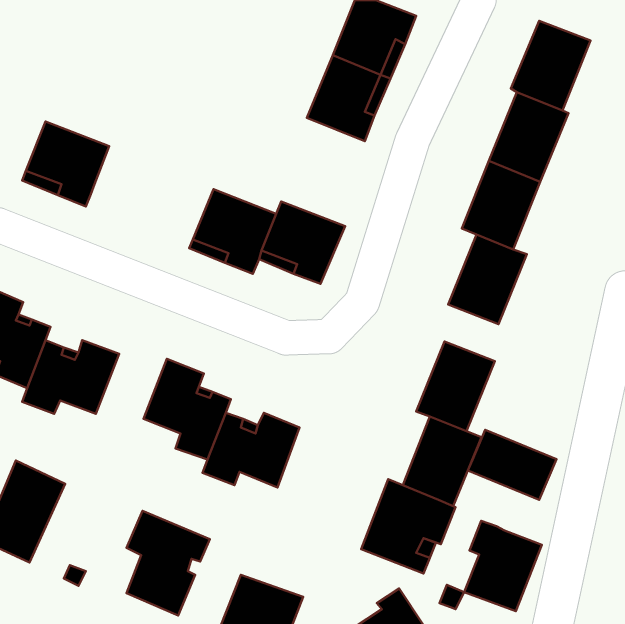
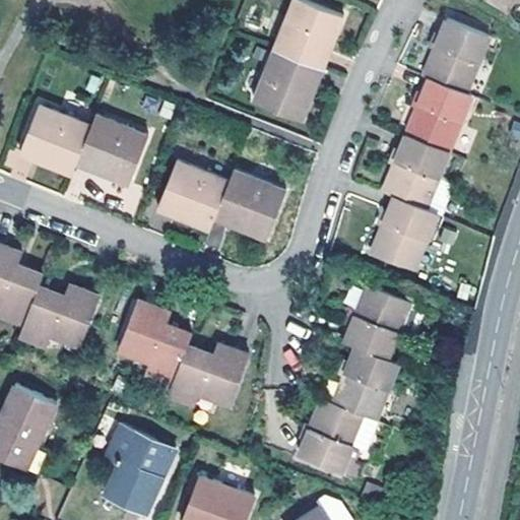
building: none -> [75,114,147,184]
building: [468,430,557,500] -> none
building: [464,521,542,611] -> none

